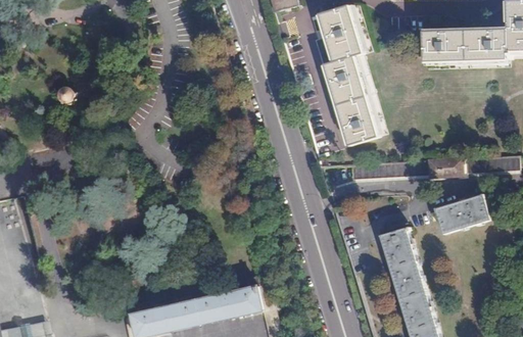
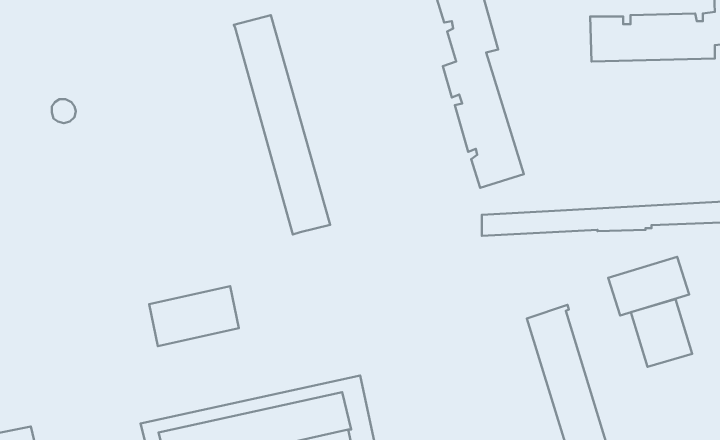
building: none -> [234,15,330,235]
building: none -> [149,286,239,346]
building: none -> [631,299,692,367]

